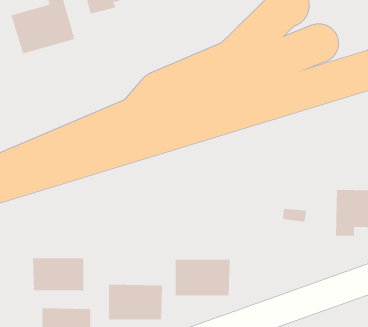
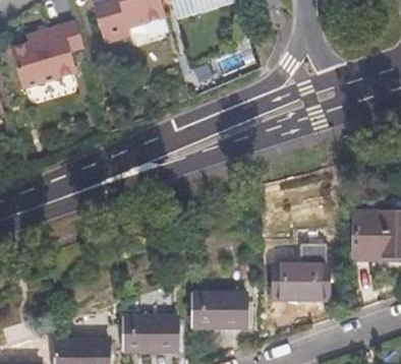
building: none -> [261,266,325,302]
building: [32,257,84,291] -> none

